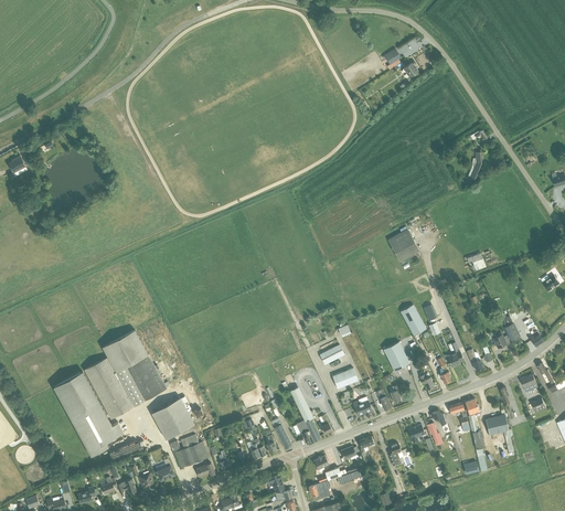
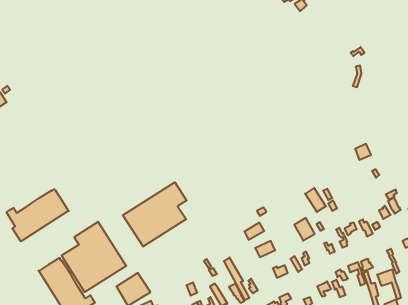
building: [388,230,419,262] -> none
building: none -> [7,189,69,241]
building: none -> [123,182,187,247]

